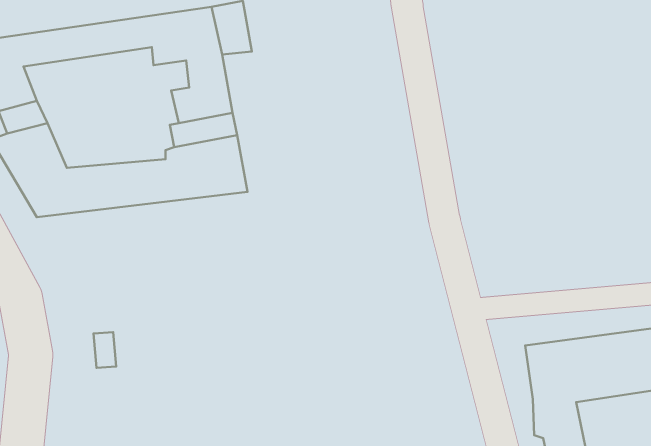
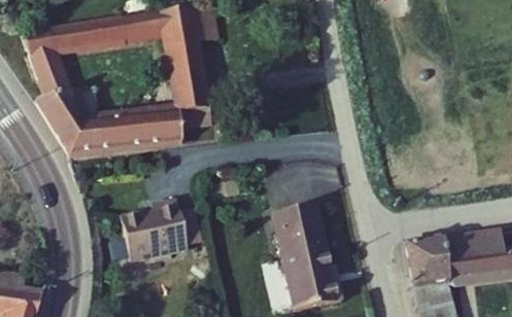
building: none -> [123,201,190,260]
building: none -> [278,201,347,308]

